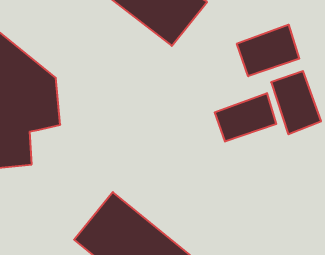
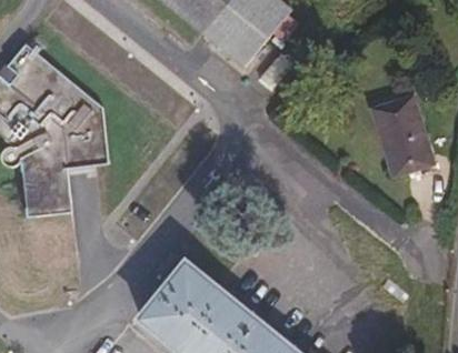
building: [237,25,299,76] -> none
building: [215,93,276,142] -> none

